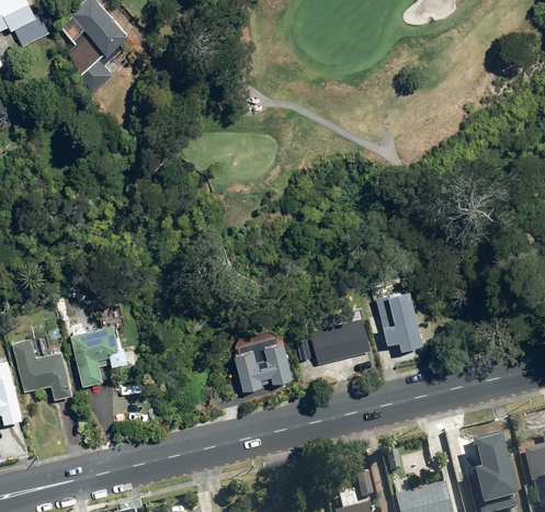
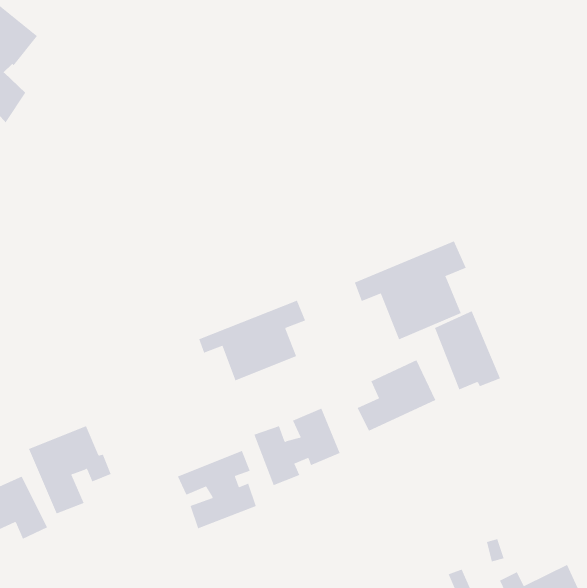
building: none -> [354,240,466,340]
building: none -> [199,300,306,381]
building: none -> [177,450,257,529]

